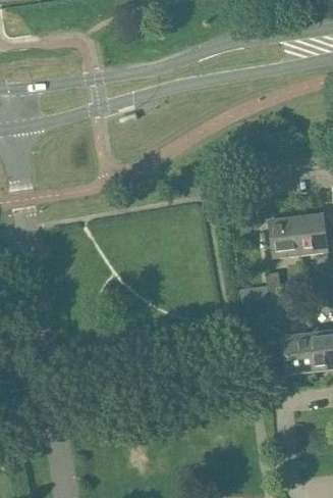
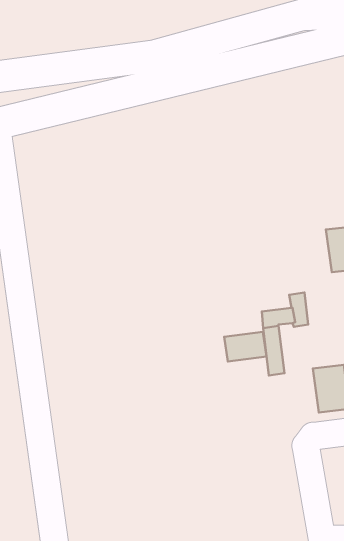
building: [271,217,301,258] -> none
building: none -> [224,332,267,361]

